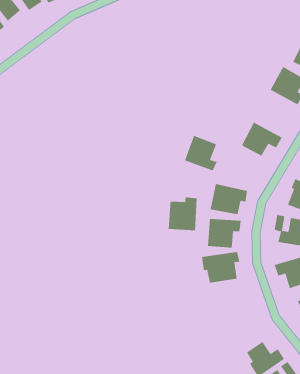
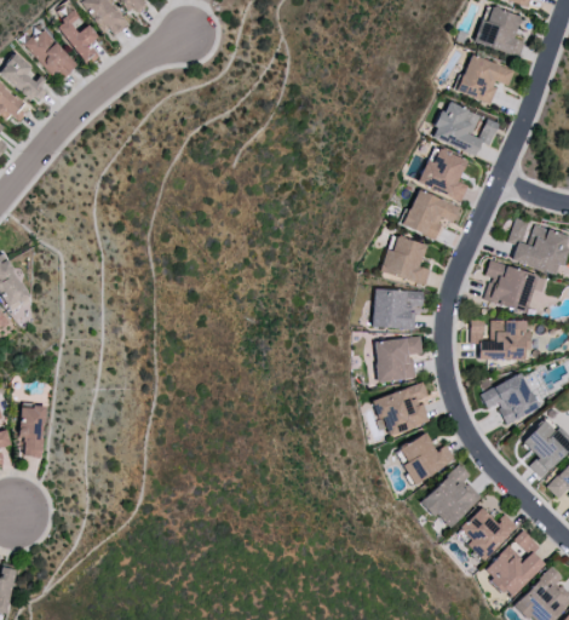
building: none -> [418,148,469,201]
building: [184,135,217,171] -> [383,235,431,282]
building: [168,197,197,231] -> none
building: none -> [400,432,456,483]
building: none -> [421,464,482,528]

